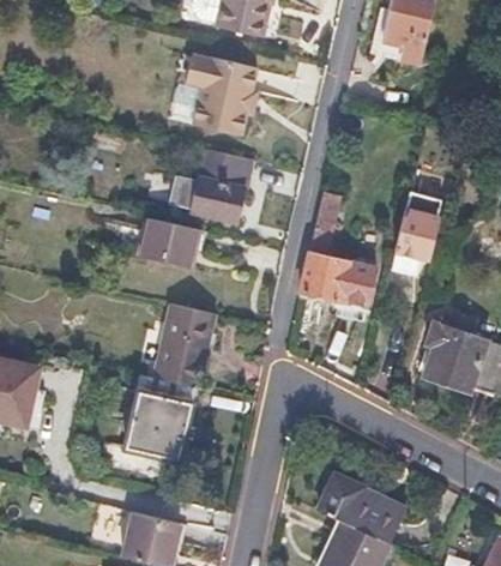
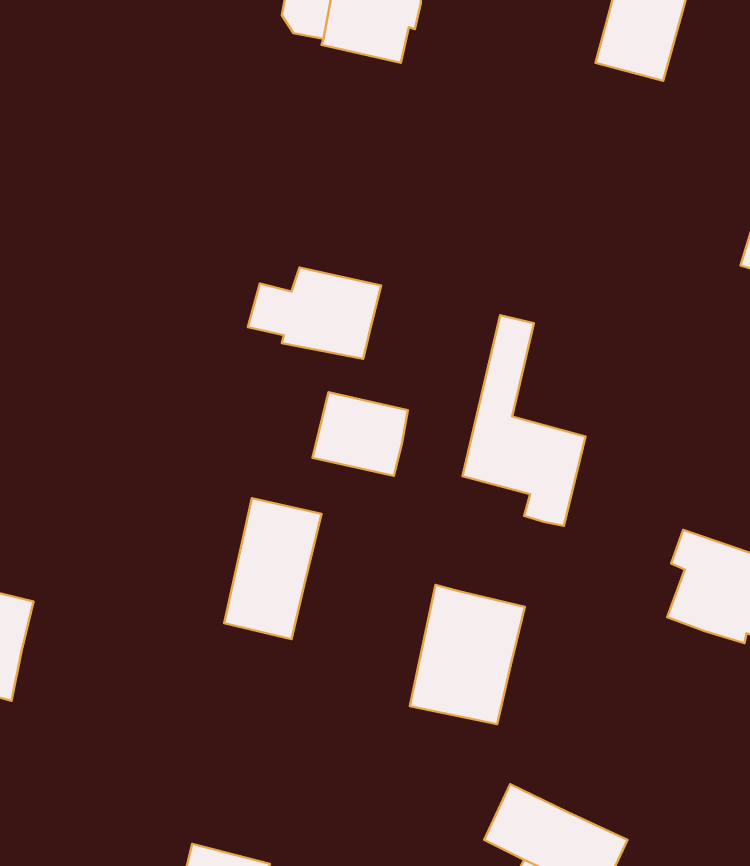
building: [185,56,256,136] -> none
building: [388,195,440,277] -> none
building: [141,218,199,269] -> [313,392,408,476]
building: [127,375,197,459] -> [410,585,525,724]

